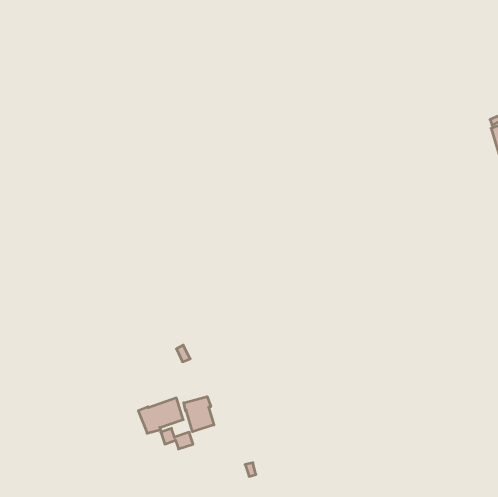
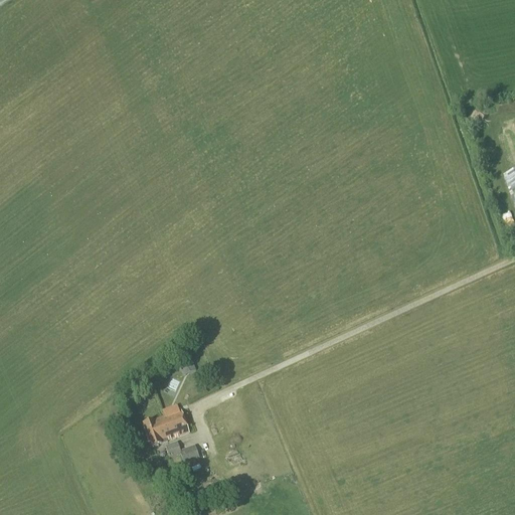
building: [184,397,214,432] -> none

